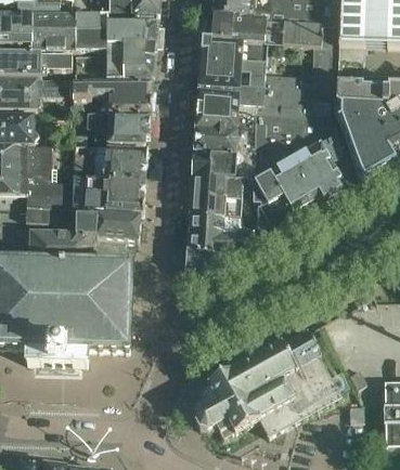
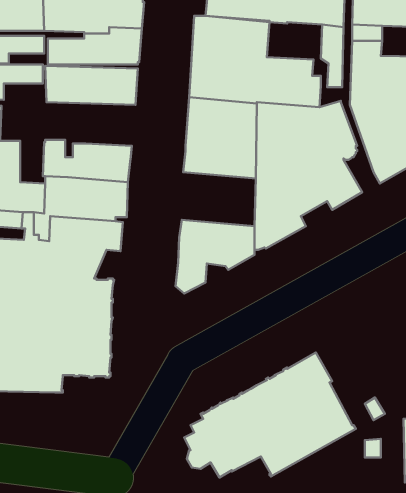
building: [87,110,151,142] -> none
building: [191,171,255,218] -> none

